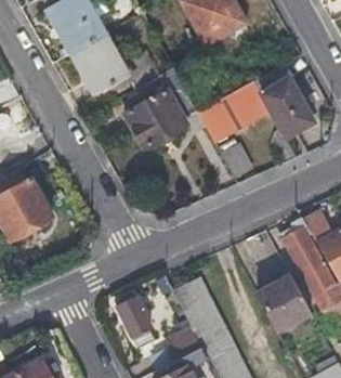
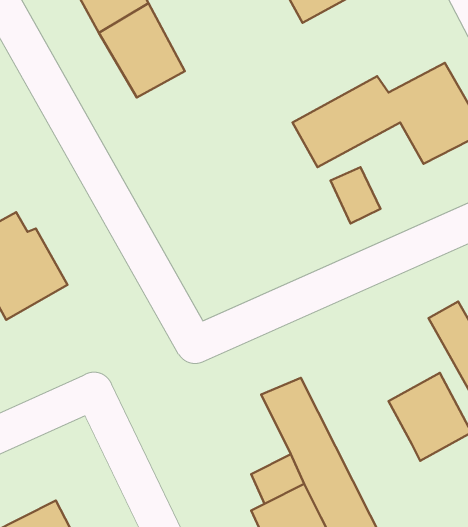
building: [124,67,196,151] -> none
building: [119,297,159,348] -> none

